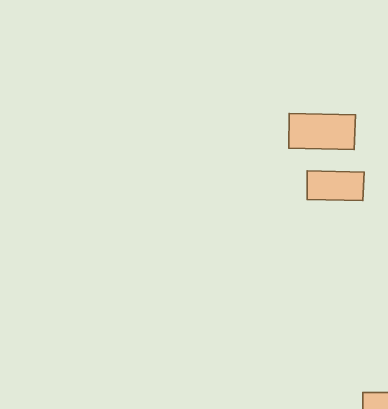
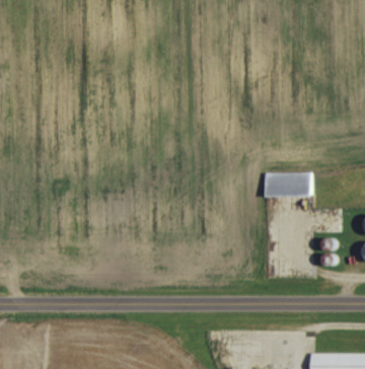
building: [289,113,356,150] -> none

